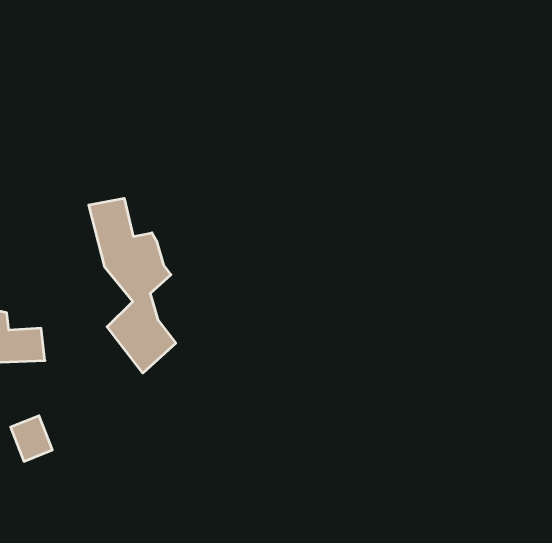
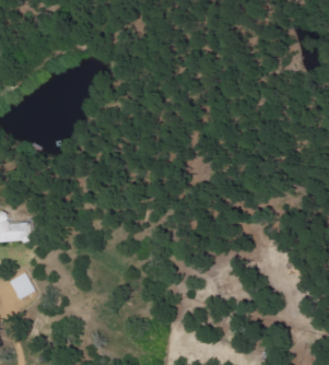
building: [89,198,176,373] -> none

